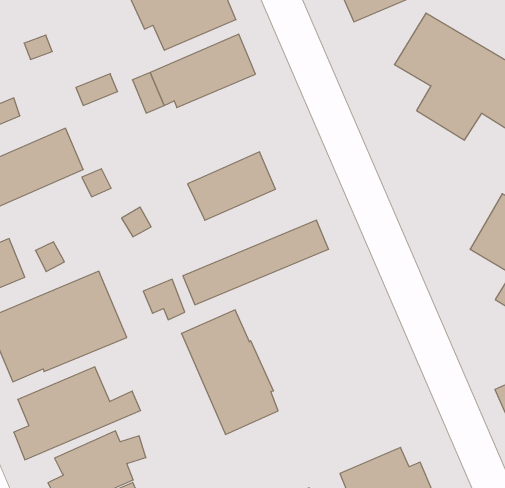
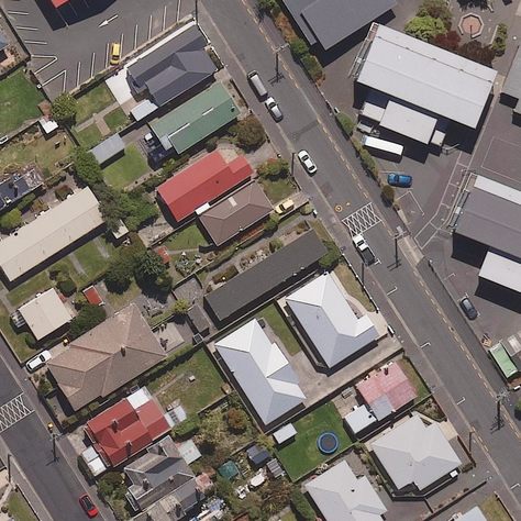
building: none -> [156,148,255,221]
building: none -> [284,271,379,368]
building: none -> [343,362,417,434]

